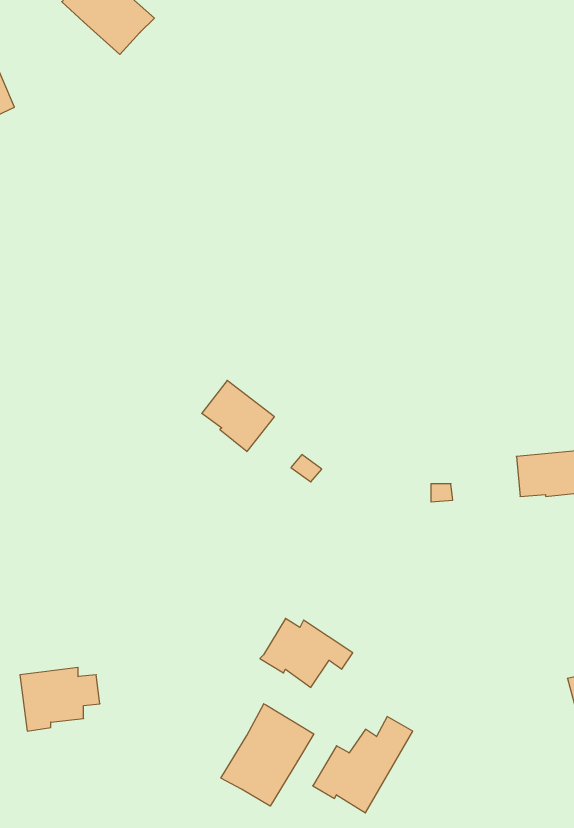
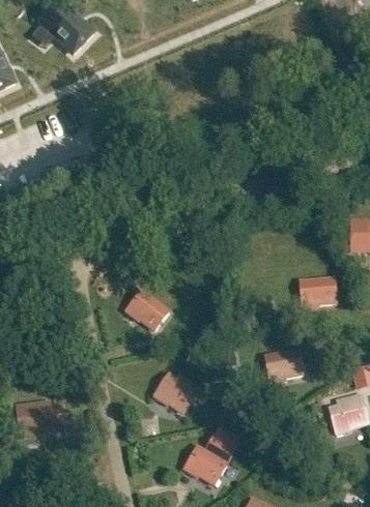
building: [202,380,274,451] -> [126,290,168,330]
building: none -> [264,350,302,379]
building: [221,704,314,806] -> none

